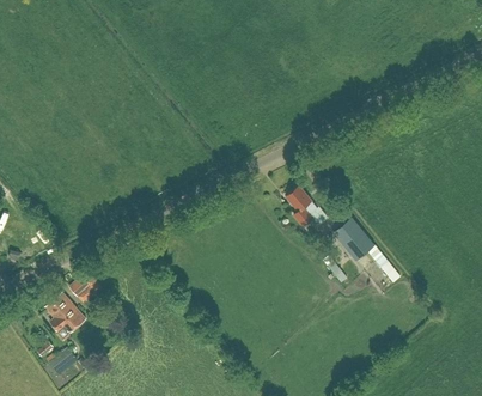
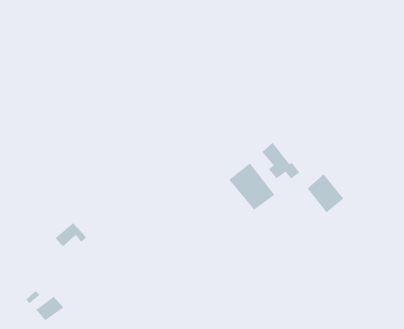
building: none -> [229,163,275,210]
building: [45,291,85,339] -> none

